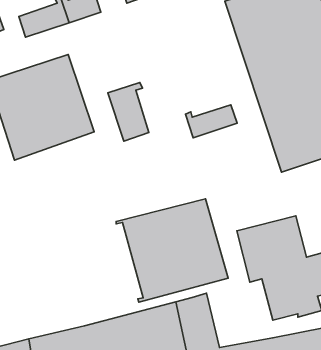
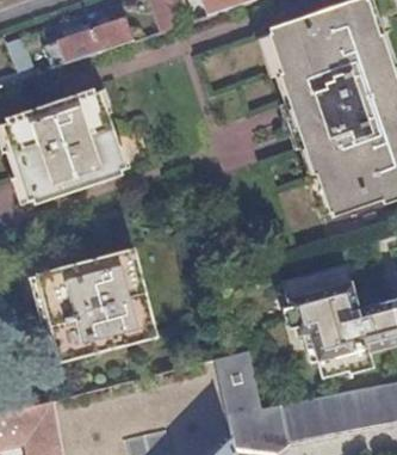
building: [108,83,149,141] -> none
building: [186,105,237,138] -> none
building: [116,199,228,302] -> [32,250,155,363]

